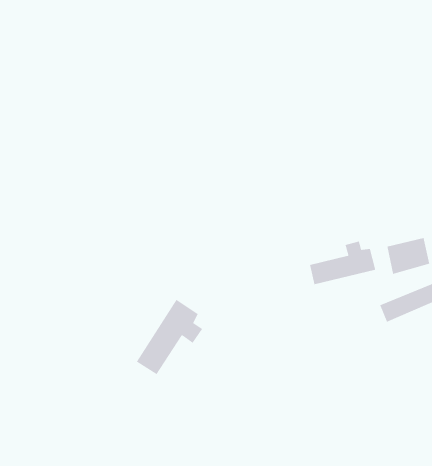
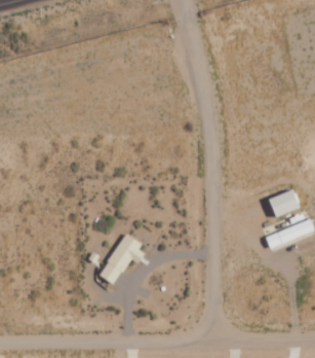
building: [309,240,376,285] -> none

